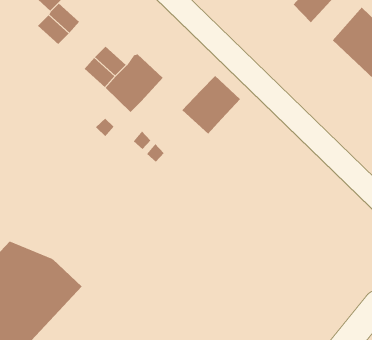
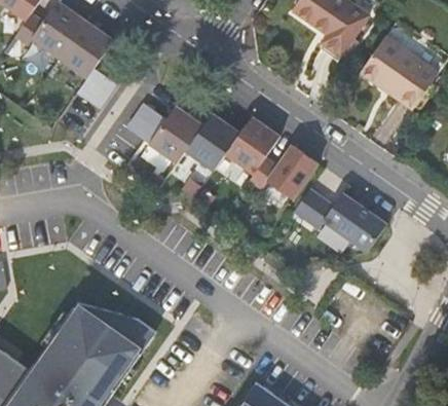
building: none -> [186,114,240,171]
building: none -> [249,145,319,200]
building: none -> [294,190,387,253]

